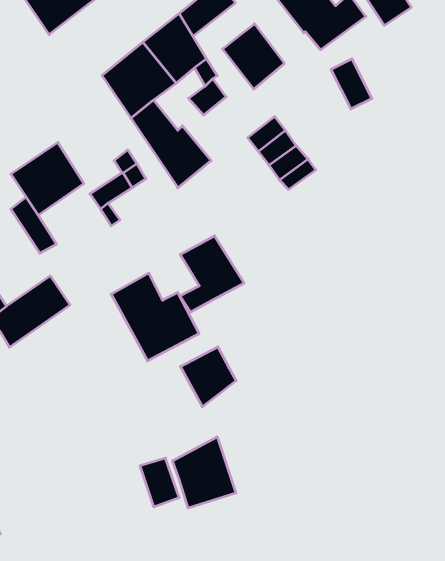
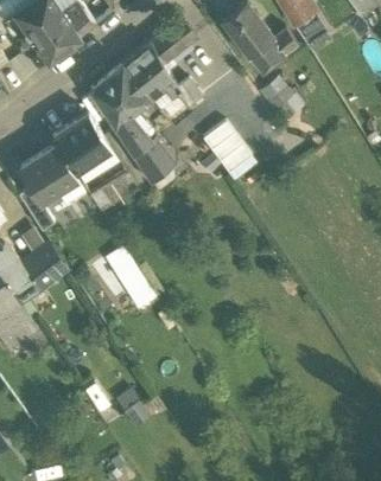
building: [223,24,284,89] -> none
building: none -> [51,114,107,168]
building: [180,236,244,312] -> none
building: [180,347,236,407] -> none
building: [173,437,236,508] -> none

